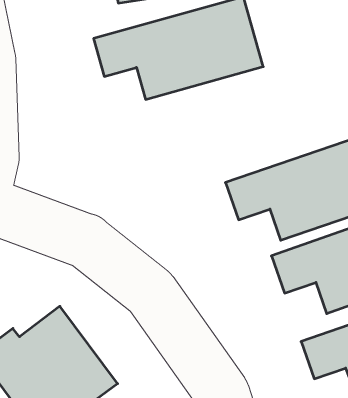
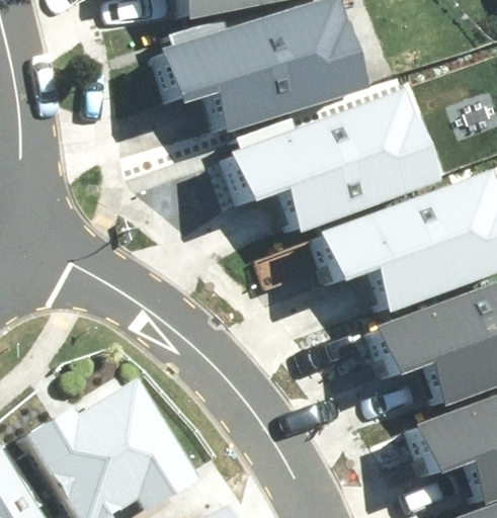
building: none -> [228,93,437,226]

